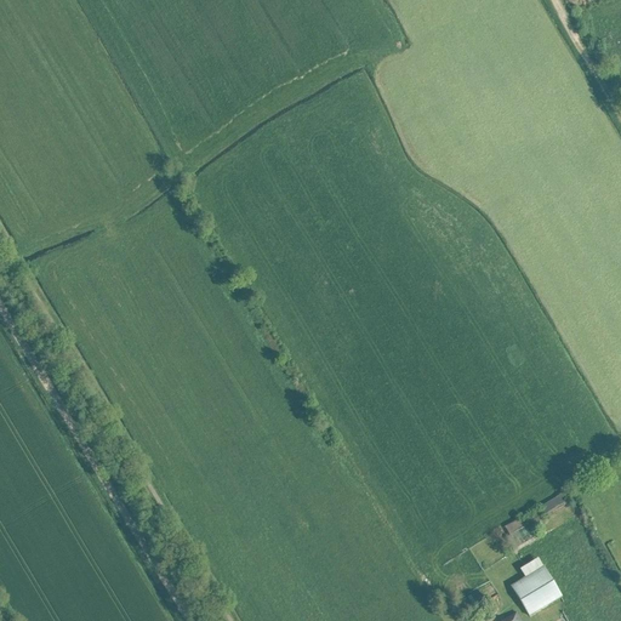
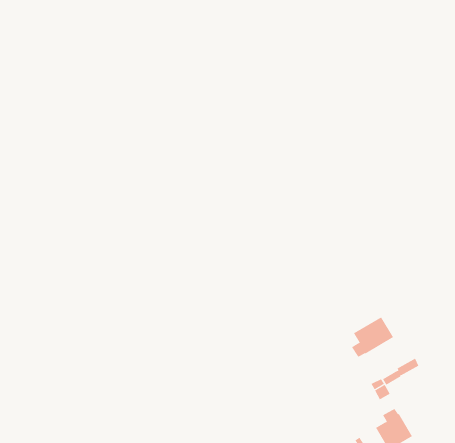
building: none -> [351,317,394,358]

